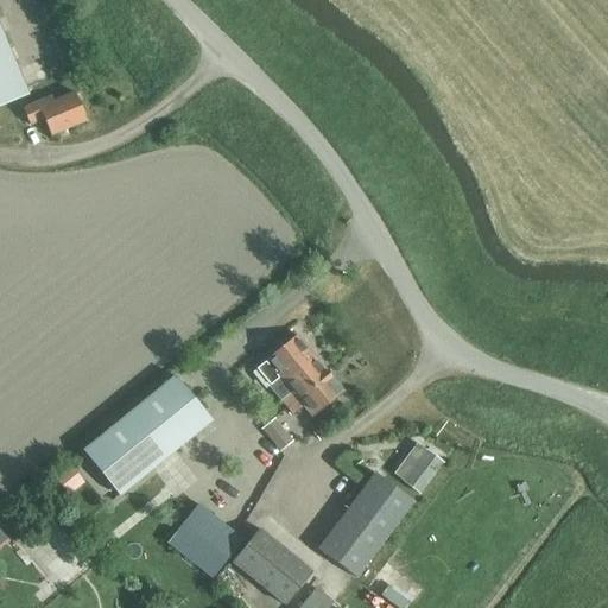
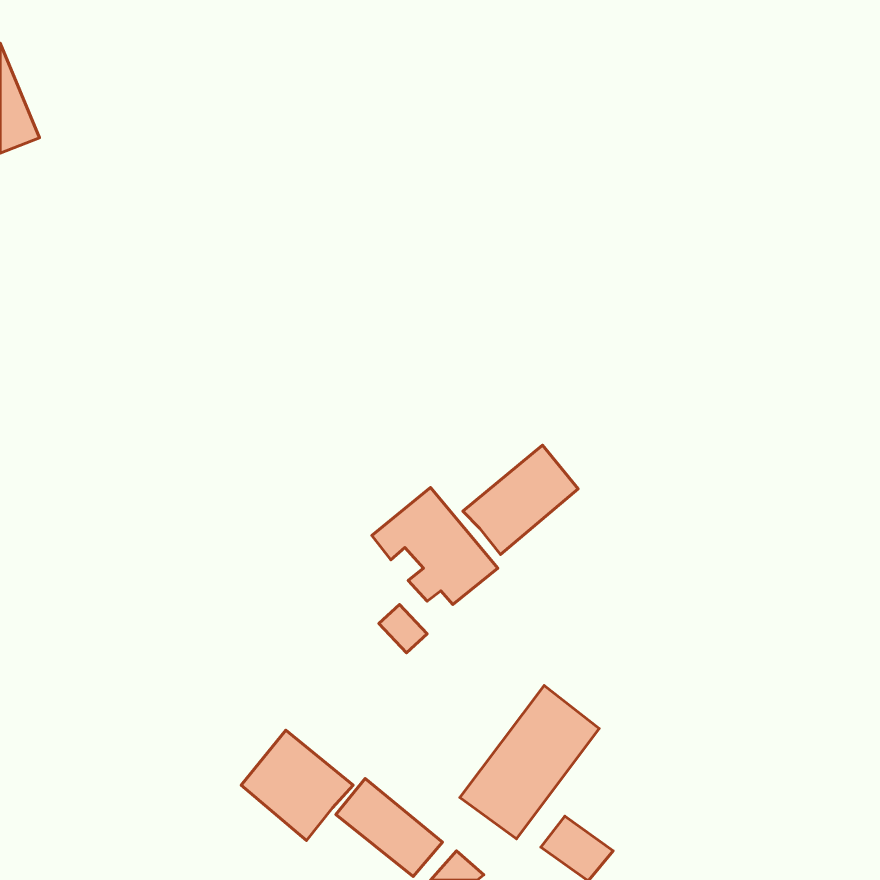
building: [21,93,86,135] -> none
building: none -> [463,445,578,555]
building: [87,368,215,488] -> none
building: [392,444,441,494] -> none

